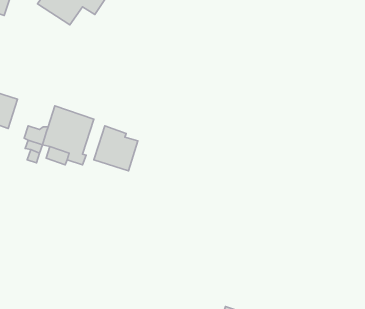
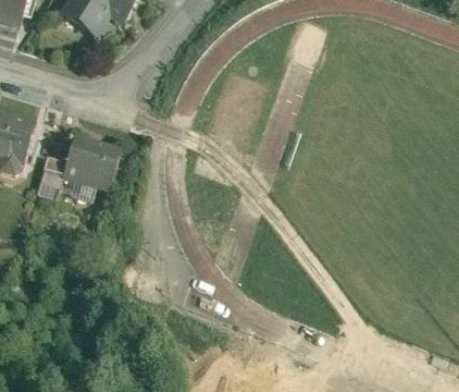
building: [94,126,138,171] -> none

